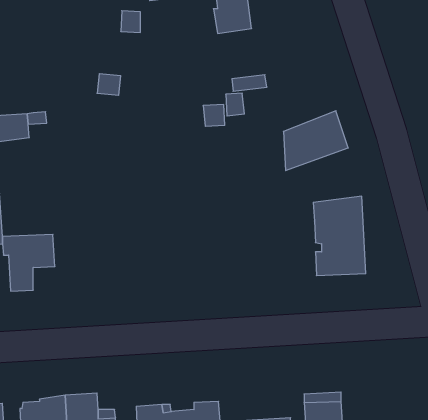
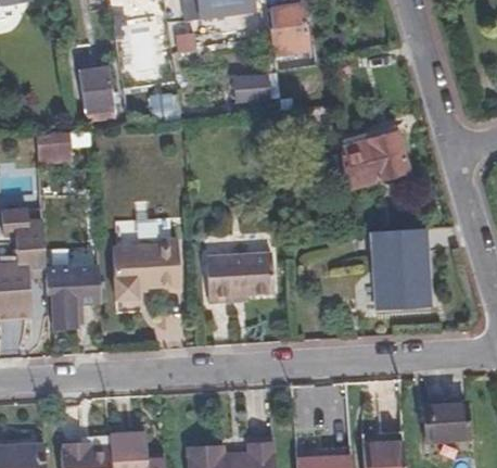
building: none -> [85,73,112,117]
building: none -> [232,76,277,104]
building: none -> [114,239,180,299]
building: none -> [208,253,277,304]
building: none -> [422,401,467,441]

